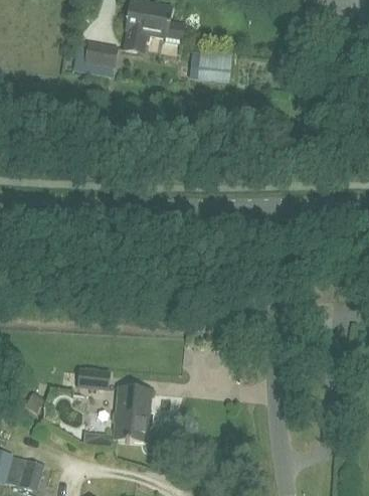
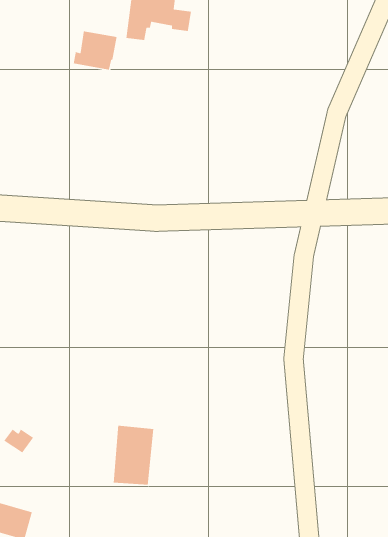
building: [196,46,231,81] -> none
building: [76,367,109,389] -> none

